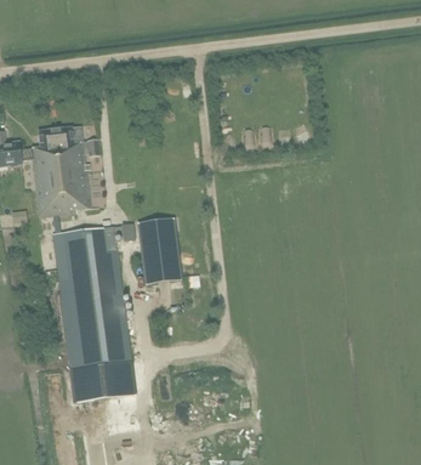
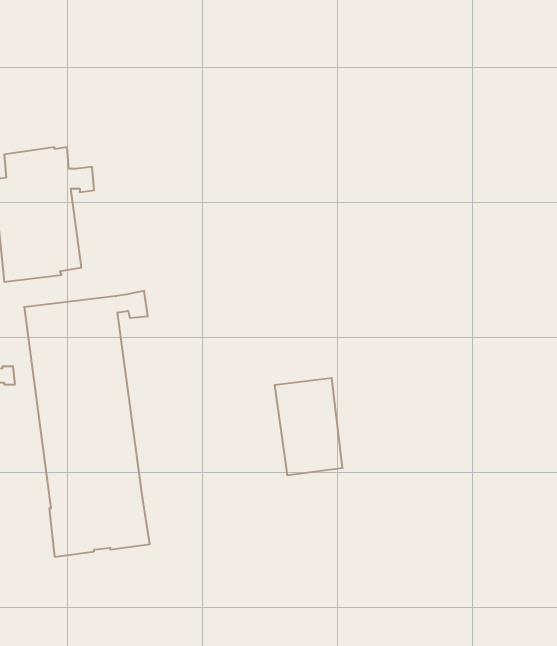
building: [136,217,182,283] -> [274,378,343,475]

